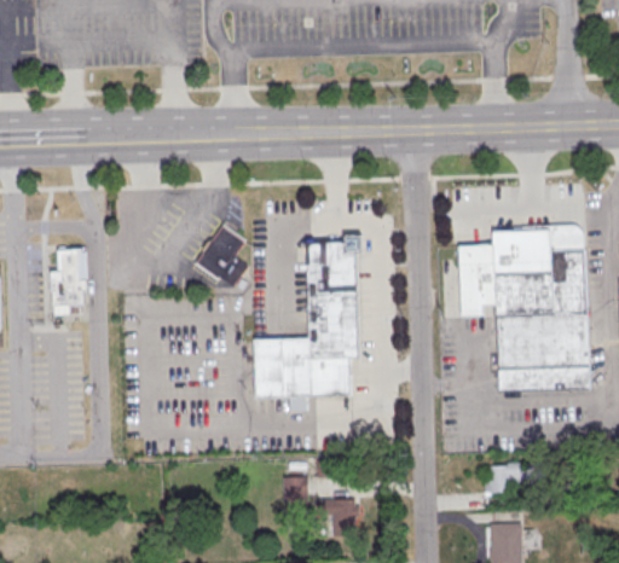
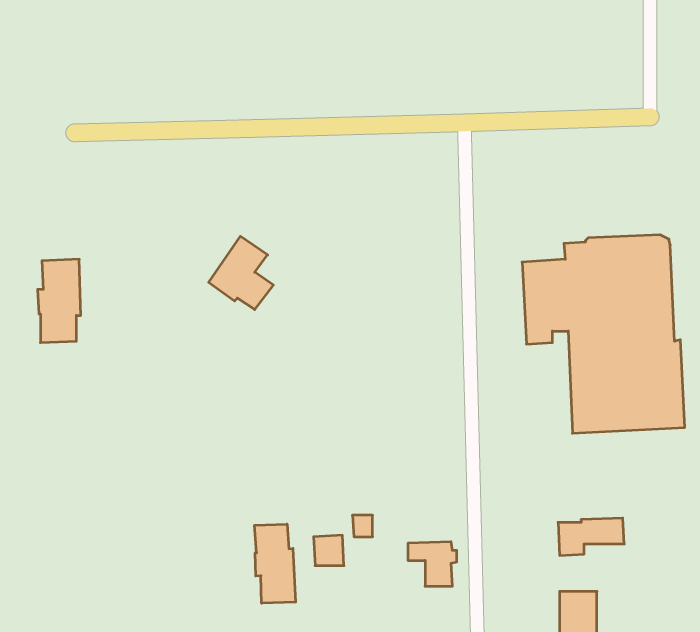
building: [254,233,364,410] -> none
building: none -> [255,524,296,603]
building: [318,498,359,535] -> [408,542,457,586]

